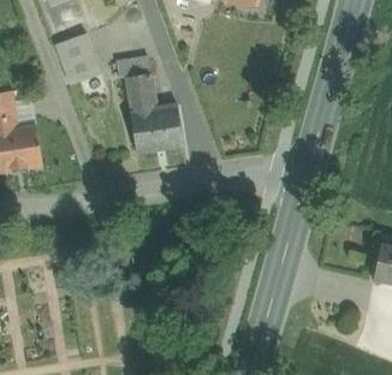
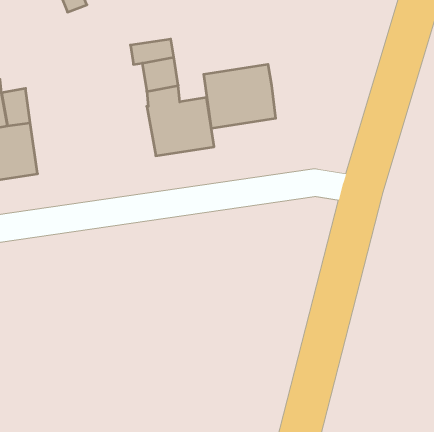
building: [54,32,100,84] -> none
building: none -> [204,64,276,128]

